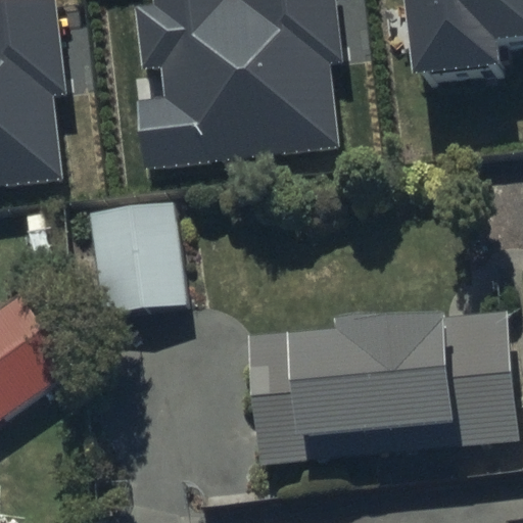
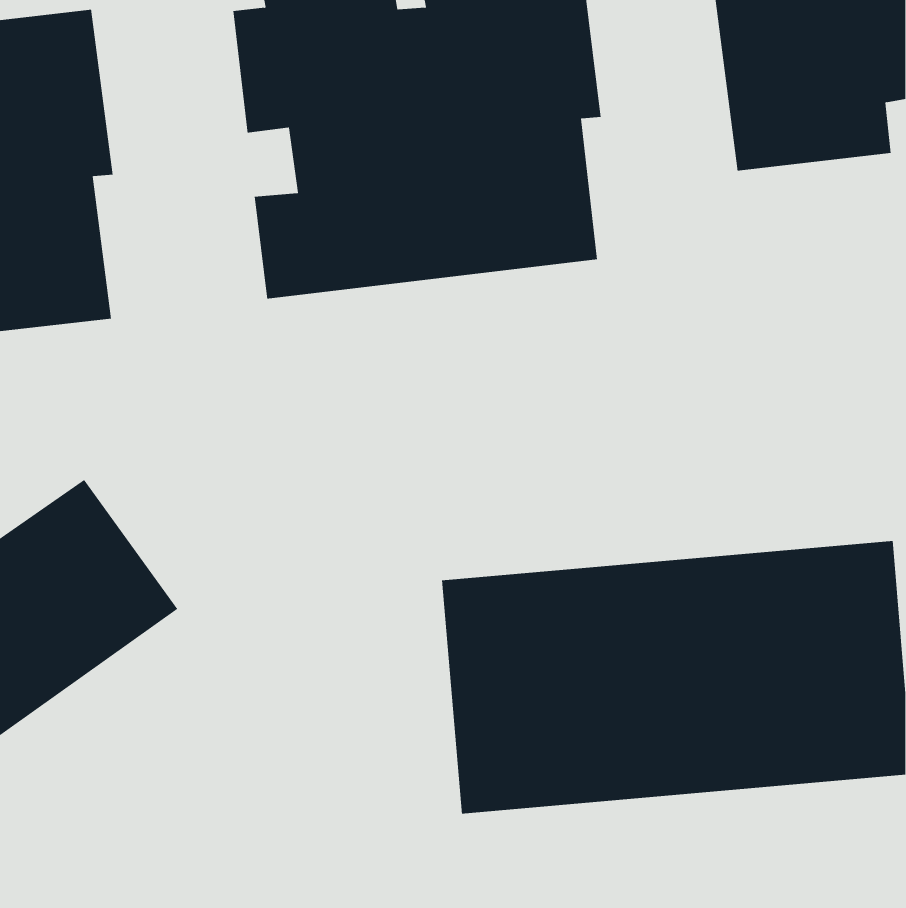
building: [85,198,186,313] -> none

